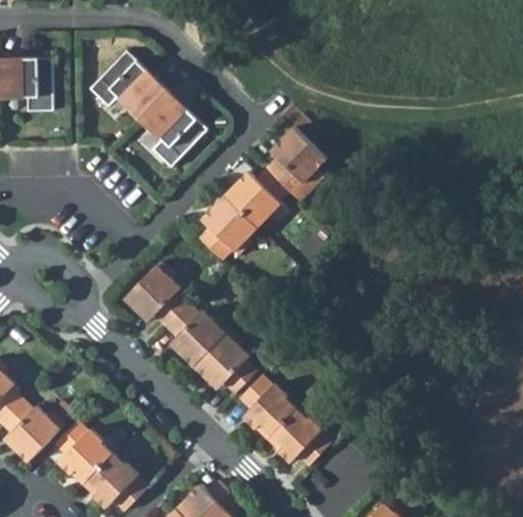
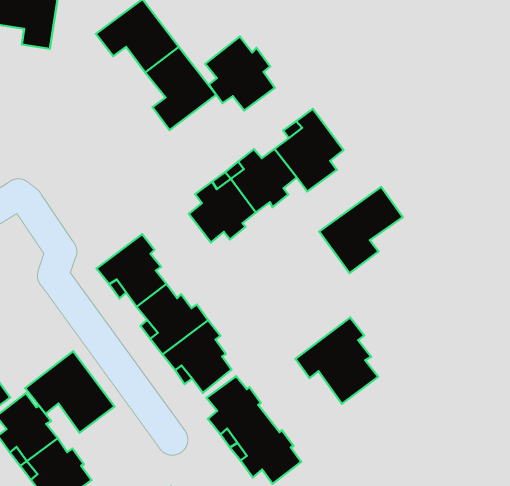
building: none -> [205,36,275,111]
building: none -> [319,187,403,273]
building: none -> [296,317,378,404]
building: none -> [25,351,115,433]

